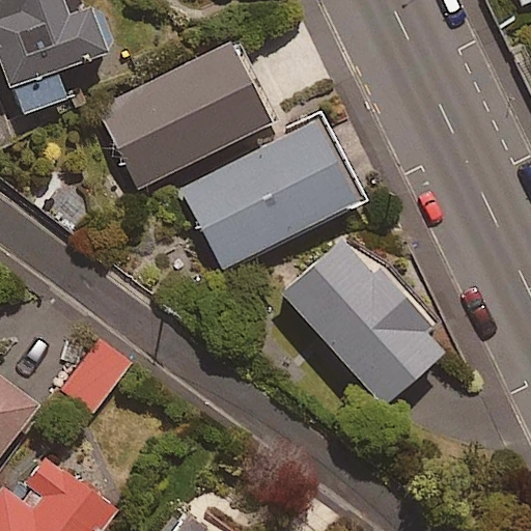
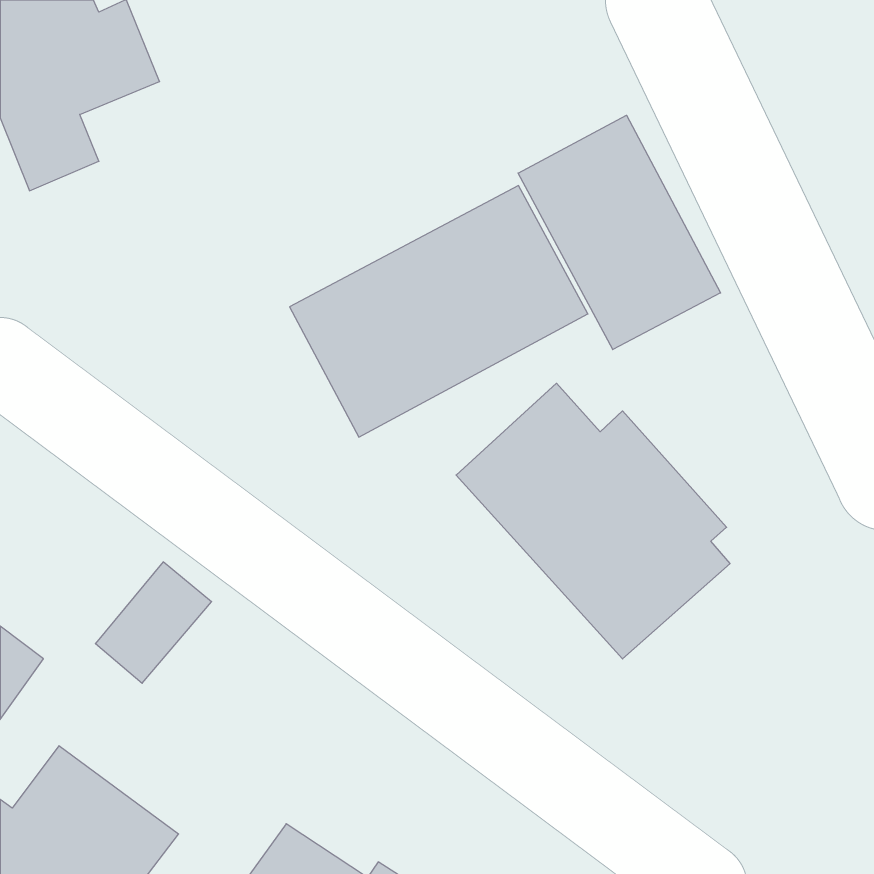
building: [99,44,269,190] -> none
building: none -> [518,115,721,350]

